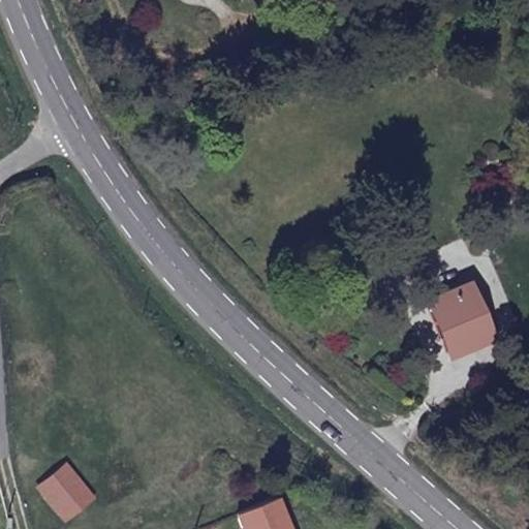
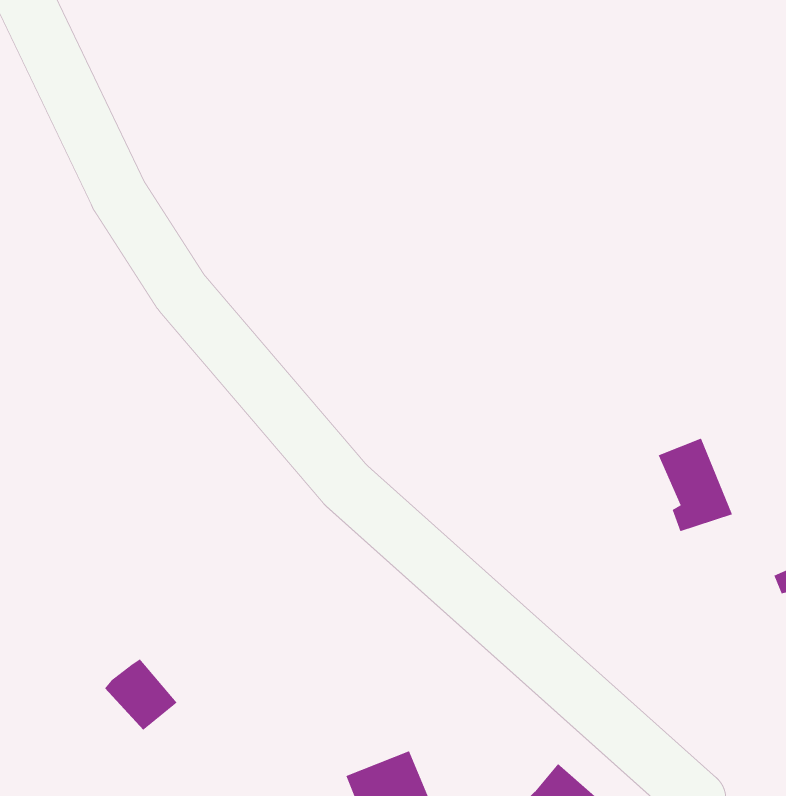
building: [44,472,93,520] -> [104,659,178,731]

